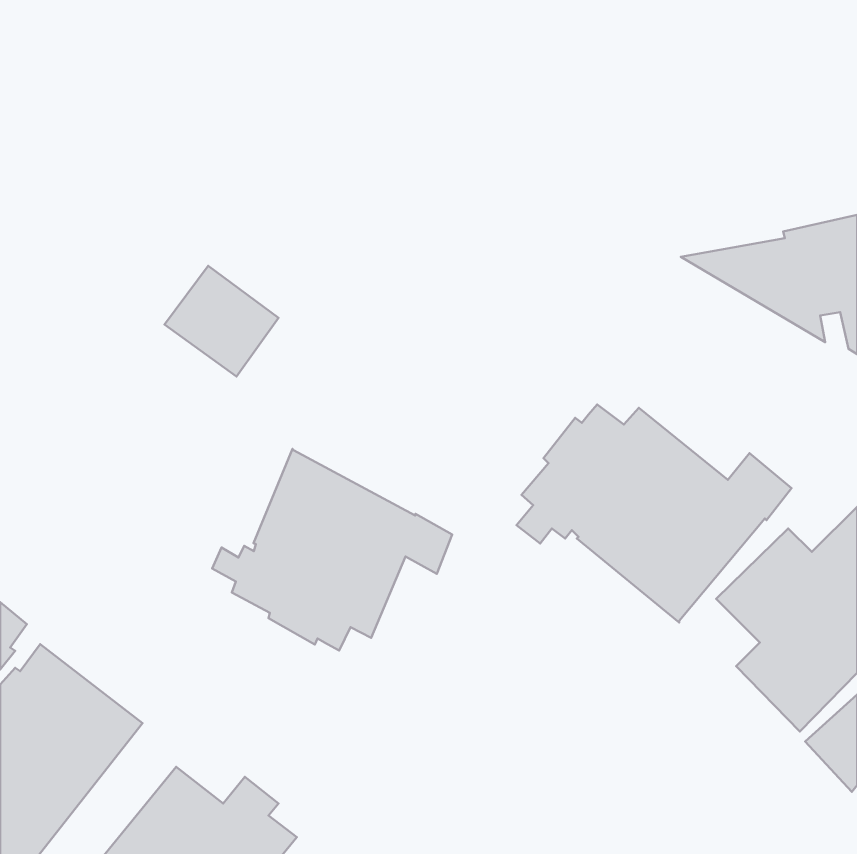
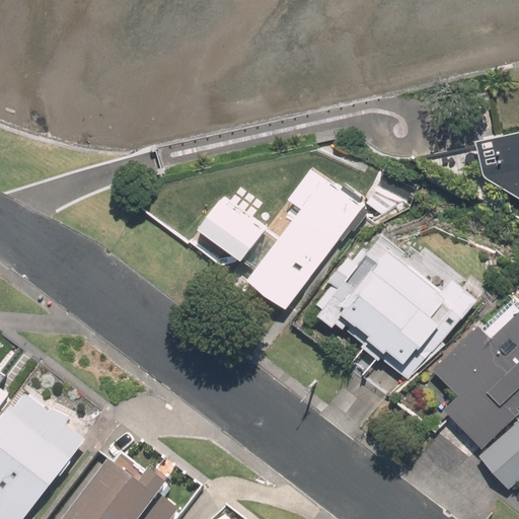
building: [164,266,278,376] -> [197,197,266,264]
building: none -> [246,175,364,311]
building: [212,449,452,650] -> none

